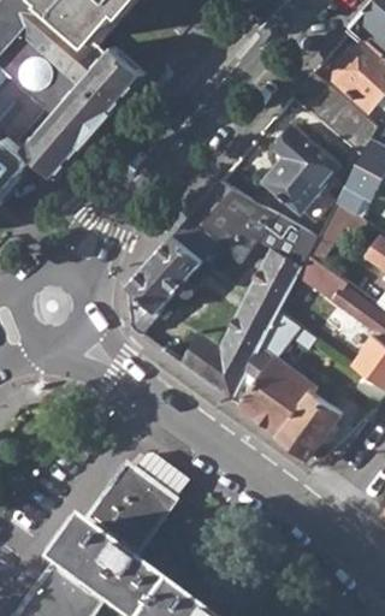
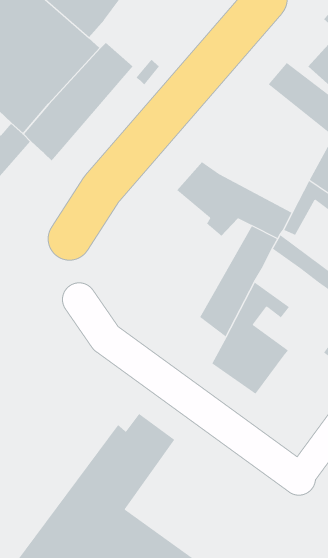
building: [263,124,339,209] -> none
building: [129,217,217,333] -> none
building: [182,334,247,398] -> none
building: [279,390,340,455] -> none

